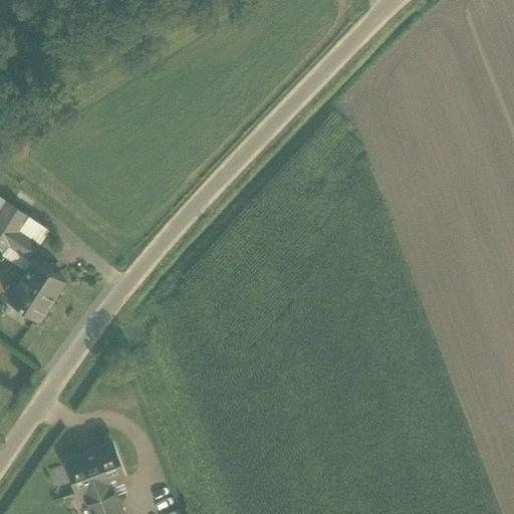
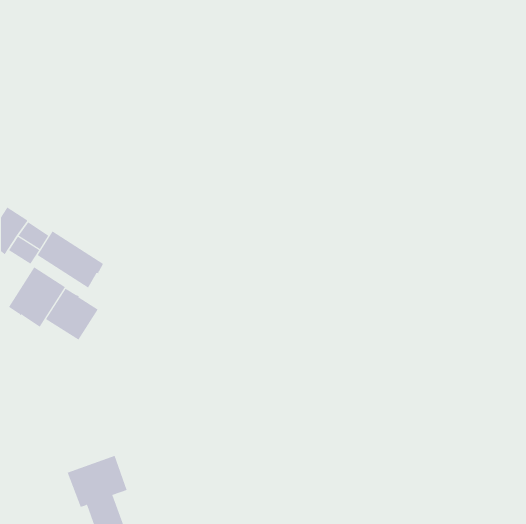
building: none -> [37,231,104,288]
building: none -> [45,288,99,341]

